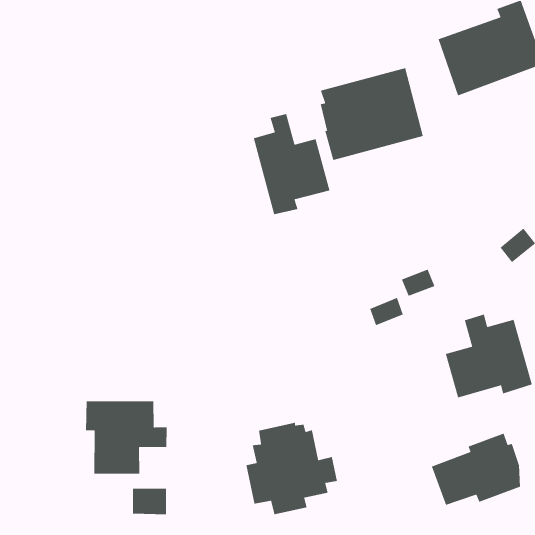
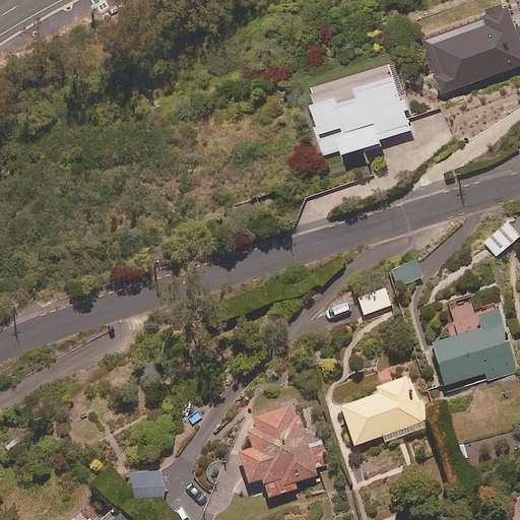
building: [253,113,331,215] -> none
building: [85,400,167,475] -> none
building: [431,433,521,506] -> [338,376,426,447]

